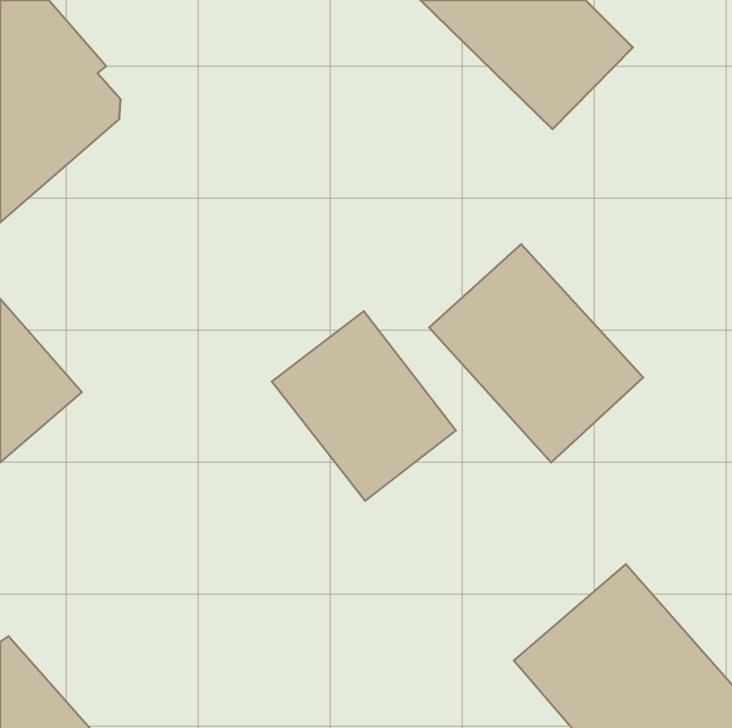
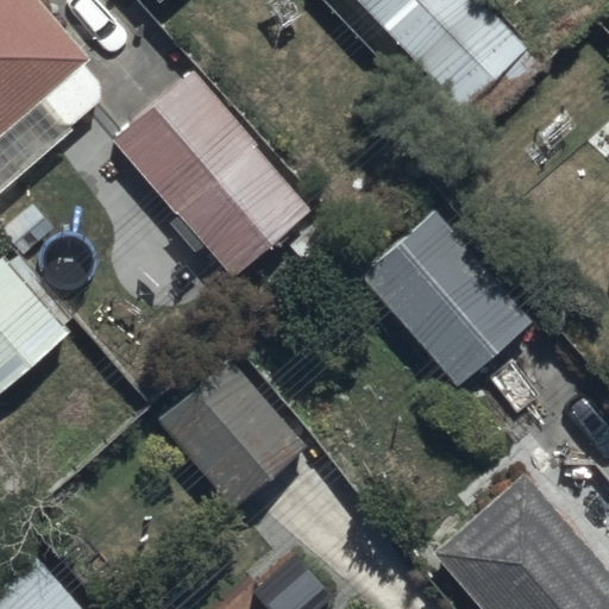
building: none -> [112,68,312,275]
building: [272,311,456,501] -> [155,356,307,513]

